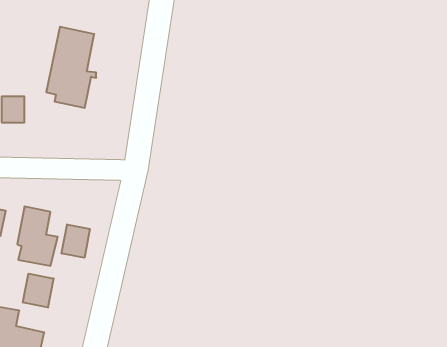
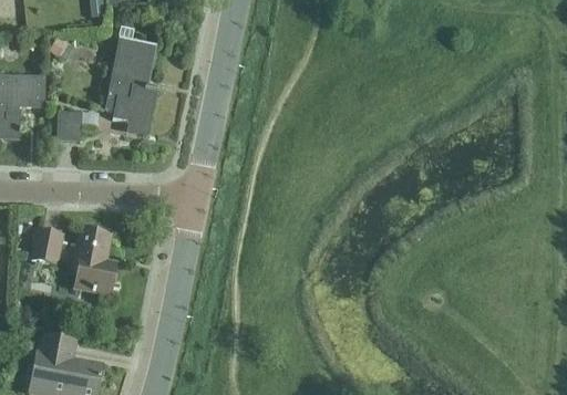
building: [61,224,90,258] -> none
building: [23,274,54,308] -> none

